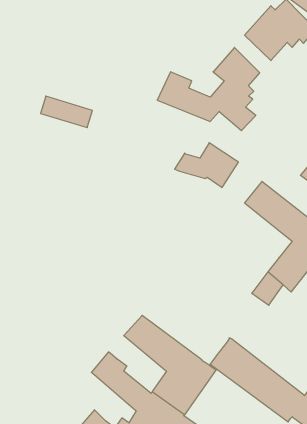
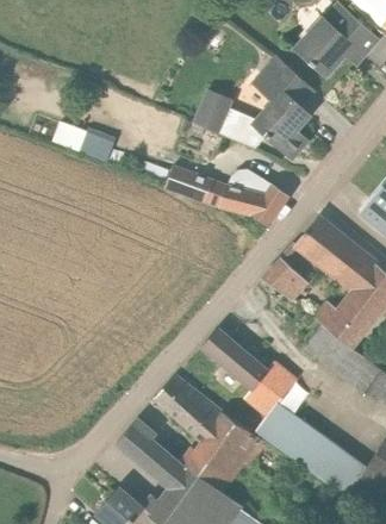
building: none -> [164,166,225,204]
building: none -> [263,258,305,299]
building: none -> [201,329,294,413]

